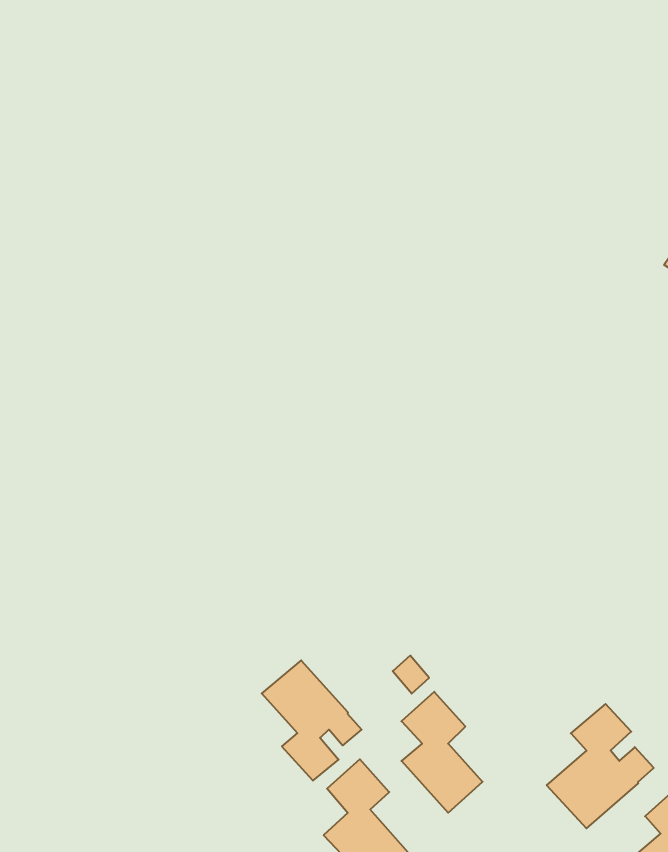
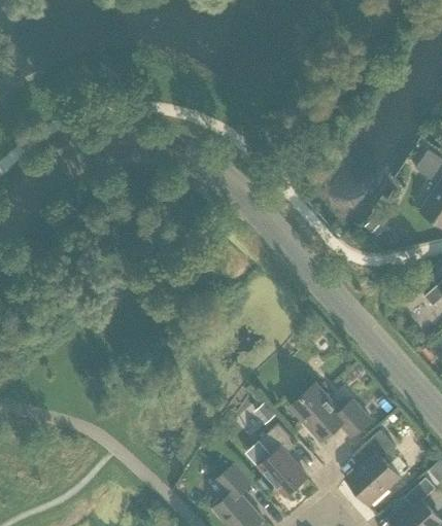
building: none -> [290,384,371,443]
building: [262,660,362,781] -> none

